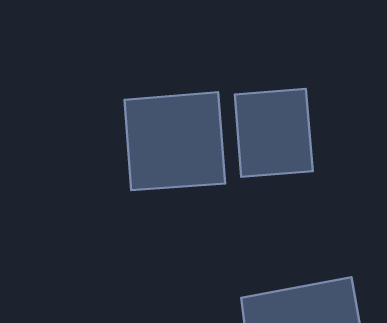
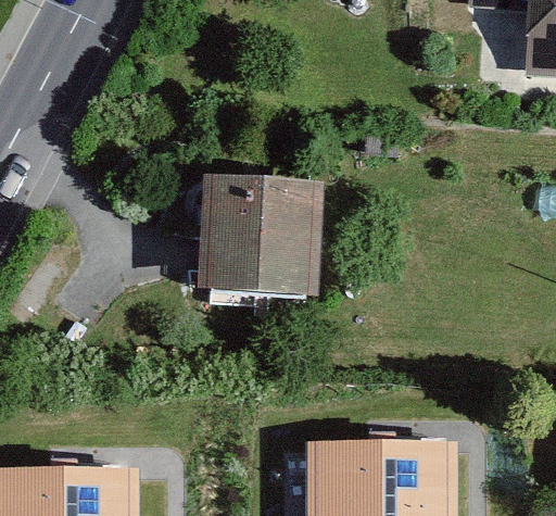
building: [235,89,313,177] -> none

